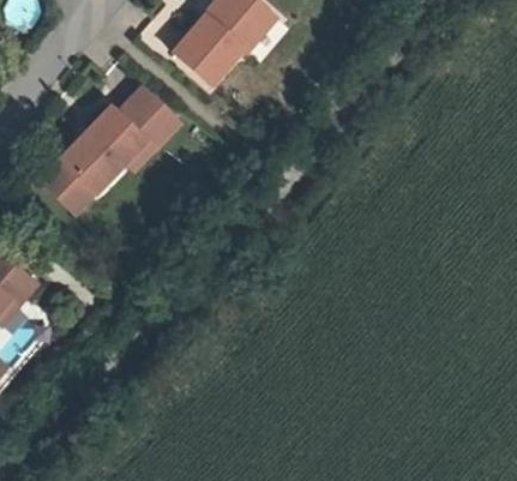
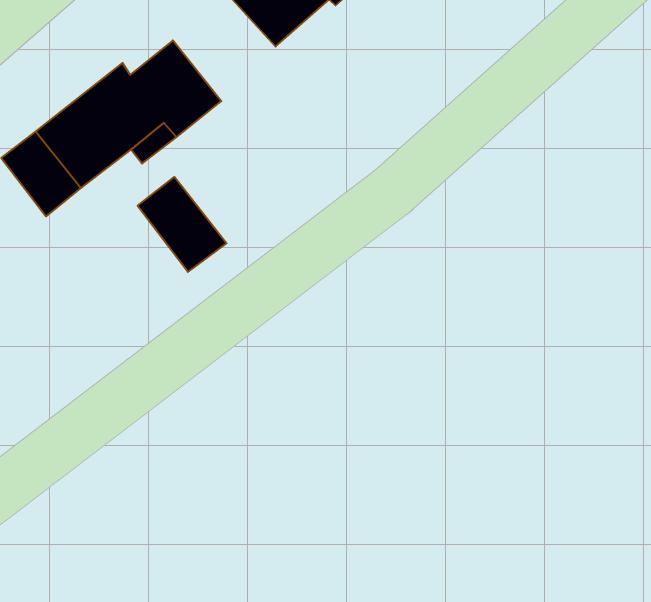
building: none -> [138,177,227,272]

